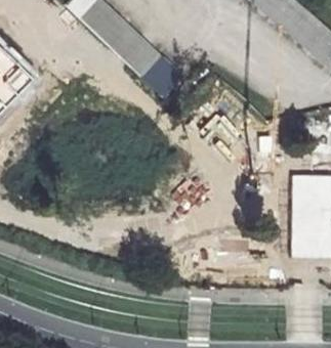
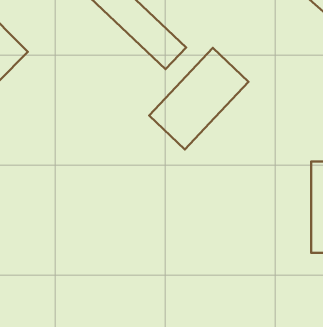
building: none -> [149,48,249,149]

